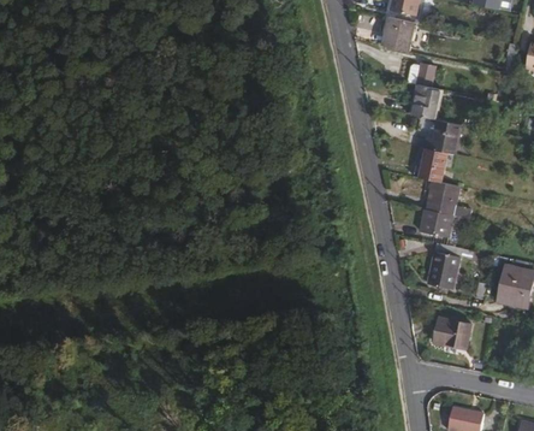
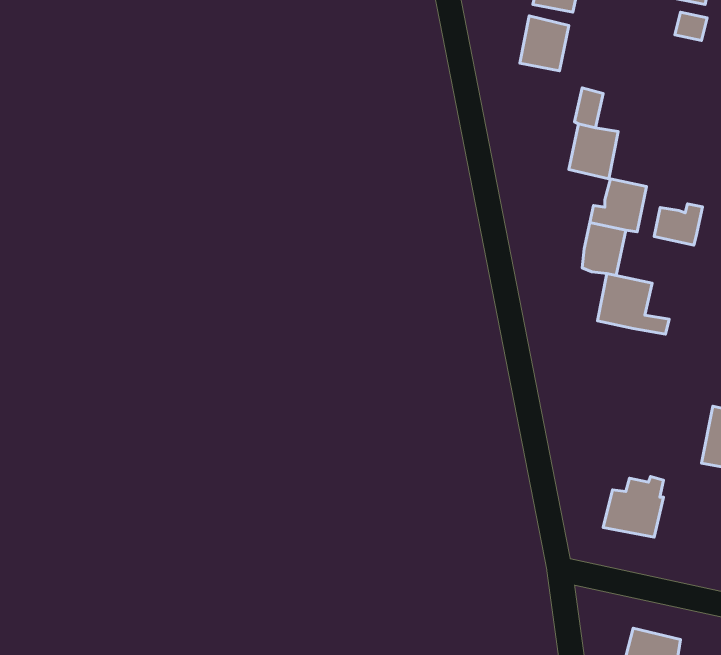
building: none -> [654,204,702,245]
building: [420,209,452,238] -> none
building: [428,243,461,289] -> none

